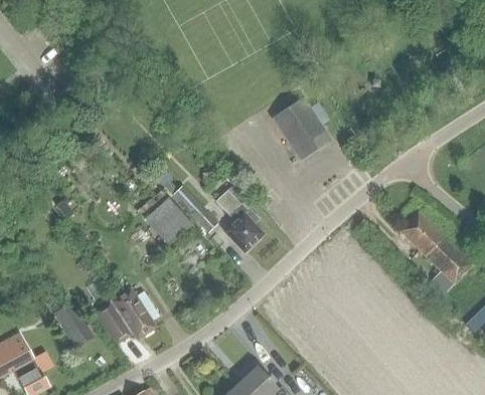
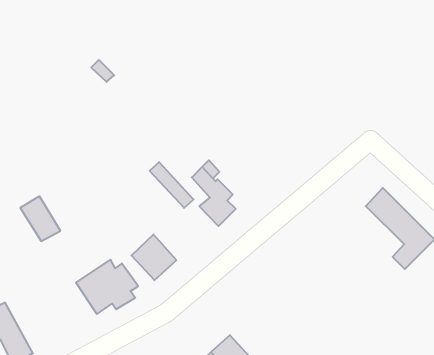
building: [279,101,331,160] -> none
building: [144,197,191,245] -> [131,234,176,280]
building: [52,302,95,349] -> [20,196,60,241]

